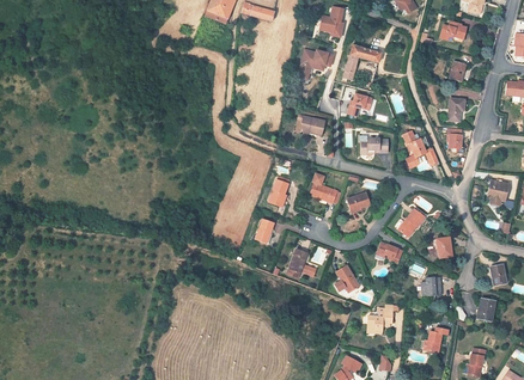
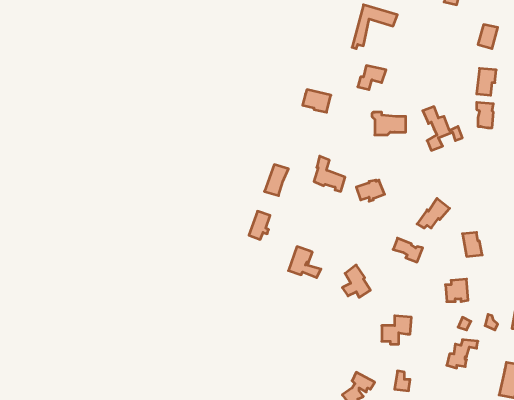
building: [298,48,333,79] -> none

